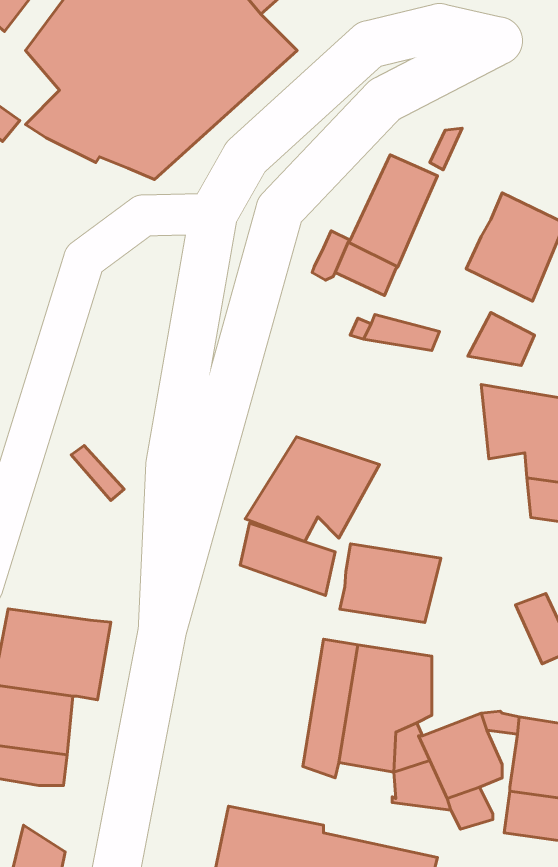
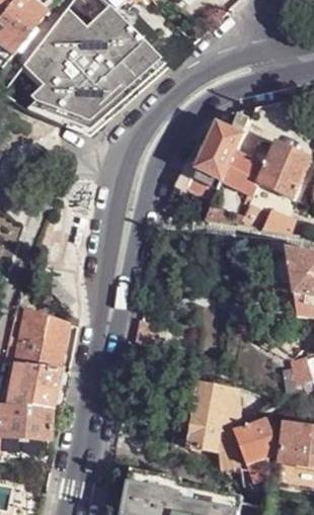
building: none -> [220,150,265,195]
building: [245,437,380,542] -> none
building: none -> [13,306,67,368]
building: [340,544,441,623] -> none

